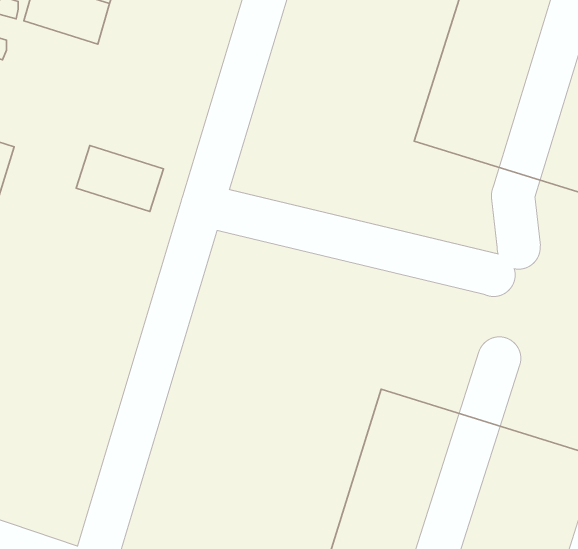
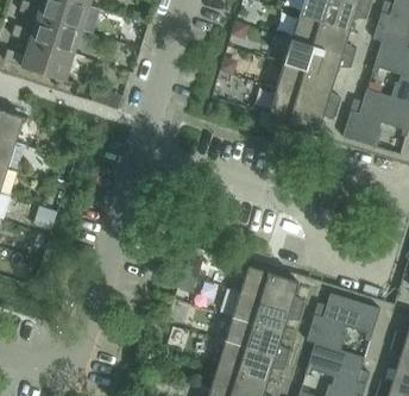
building: [76,146,163,211] -> [21,42,75,82]

